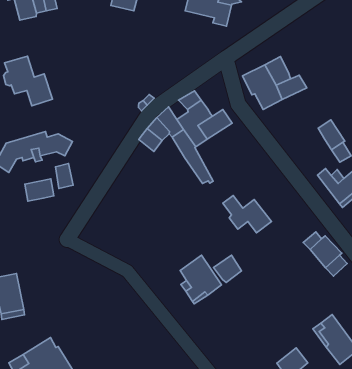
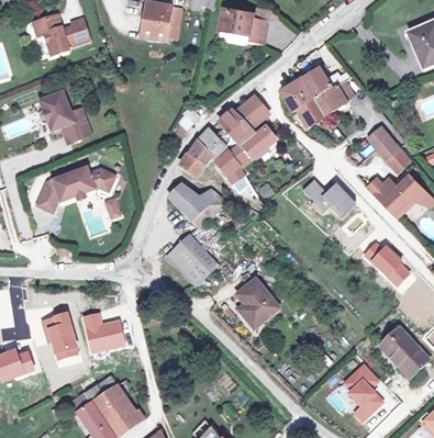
building: none -> [238,98,269,127]
building: none -> [171,184,229,231]
building: [25,179,54,201] -> none
building: [223,196,271,233] -> [303,182,355,218]
building: none -> [169,235,219,287]
building: [214,255,242,283] -> none
building: none -> [82,313,127,355]

